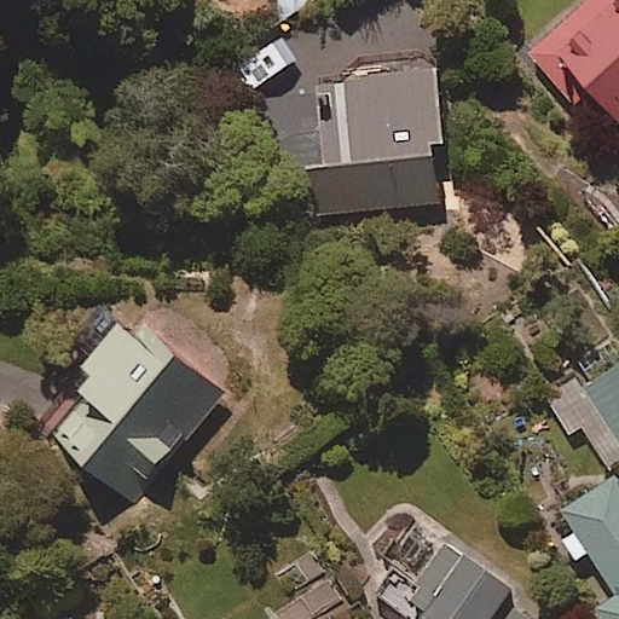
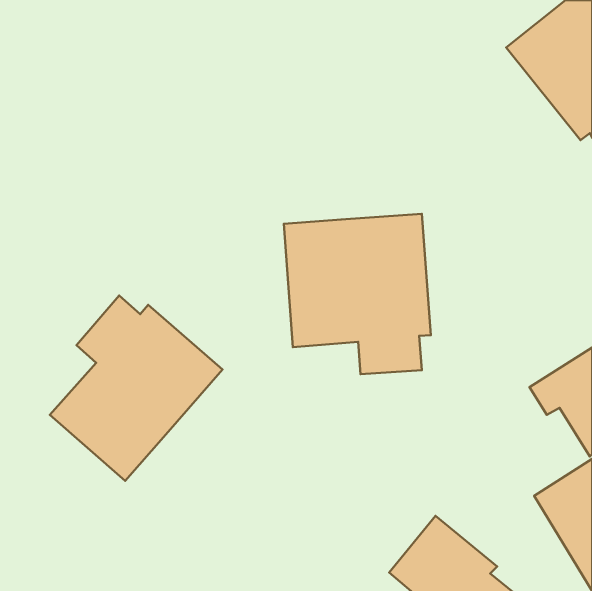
building: [272,69,451,216] -> none
building: none -> [284,214,431,374]

